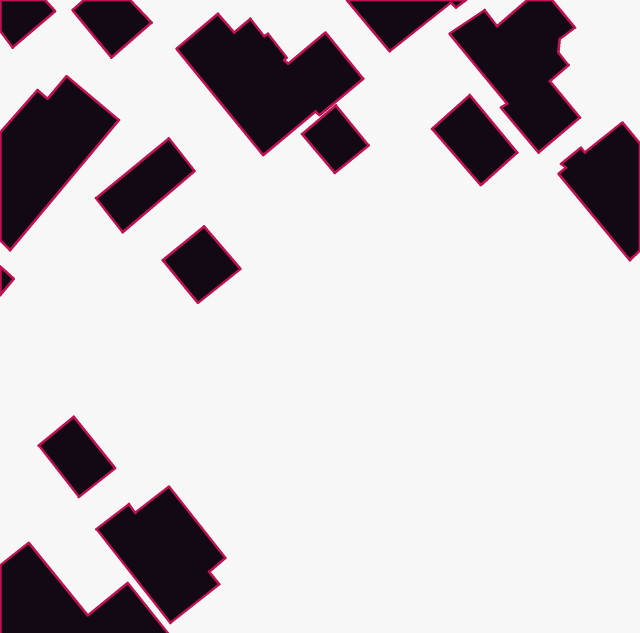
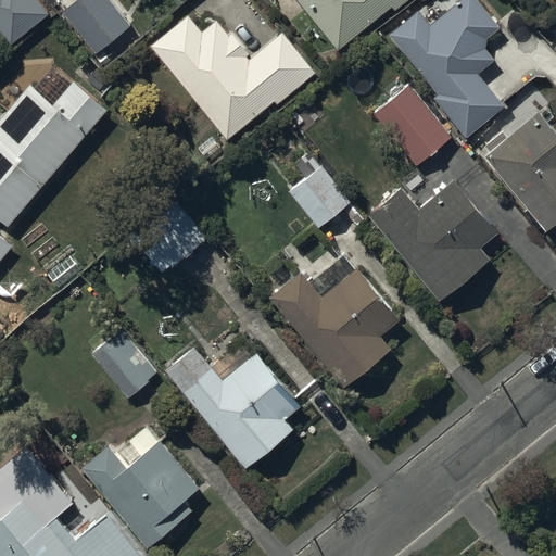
building: [302,105,369,173] -> [291,168,349,227]
building: [96,138,194,232] -> none
building: none -> [369,182,497,299]
building: none -> [271,253,400,387]
building: none -> [167,348,308,468]
building: [39,417,115,497] -> [93,331,160,401]

